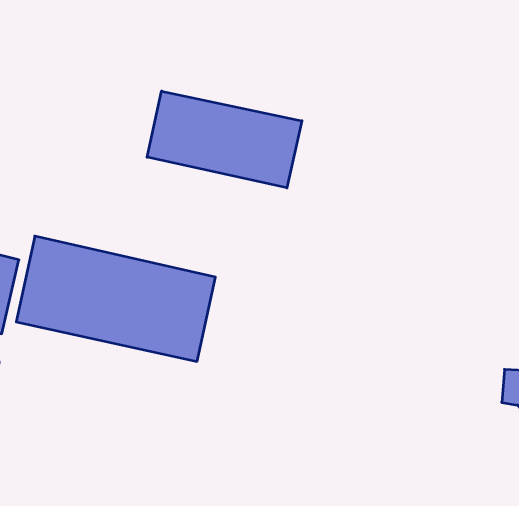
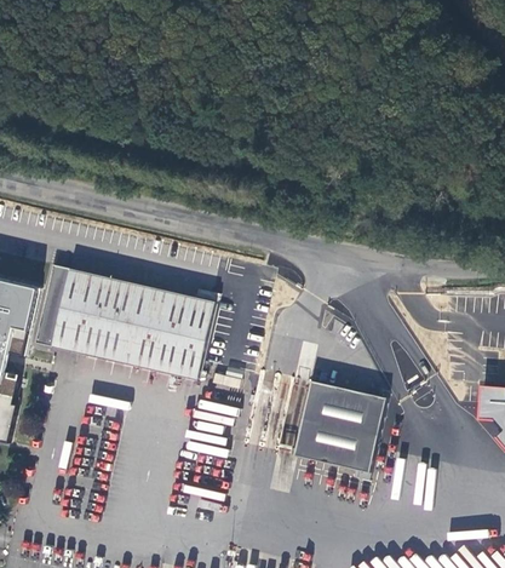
building: [147,91,302,188] -> none
building: none -> [295,380,388,472]

